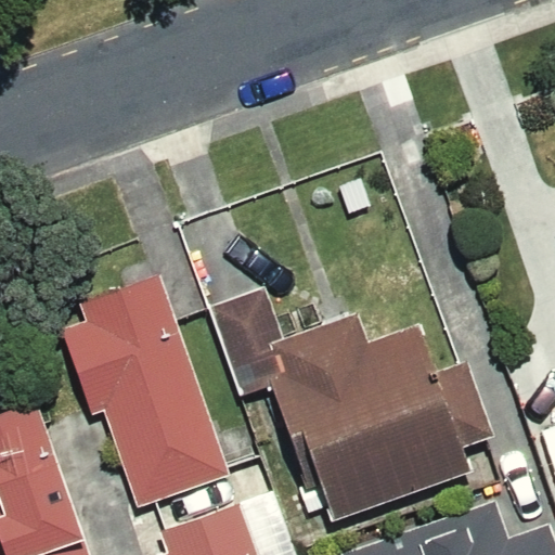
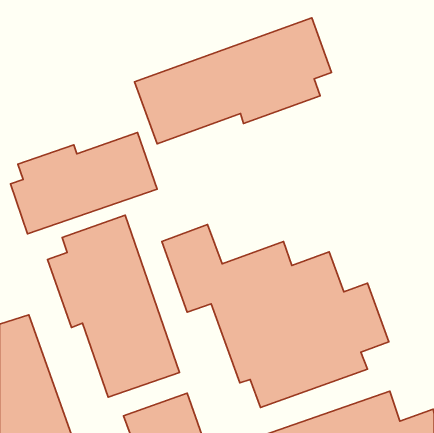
building: none -> [135,18,331,144]
building: none -> [11,133,157,234]

